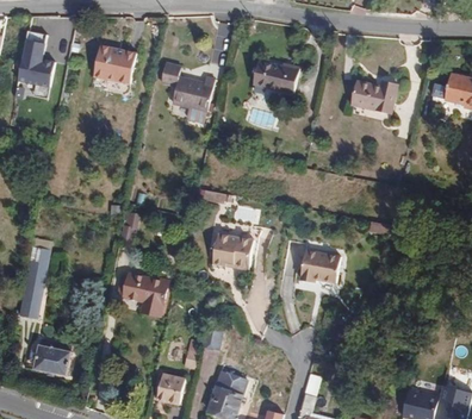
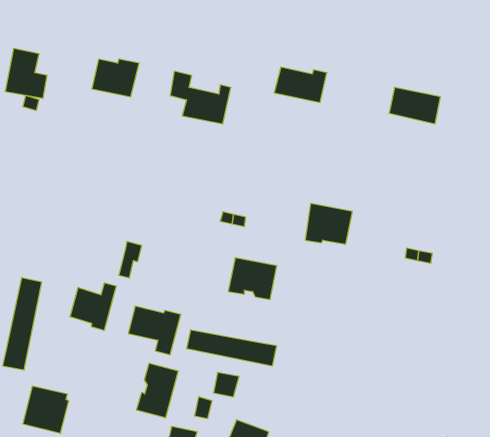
building: [302,244,343,280] -> [305,204,352,244]
building: none -> [70,283,116,331]
building: none -> [187,330,277,366]
building: none -> [136,363,178,418]

